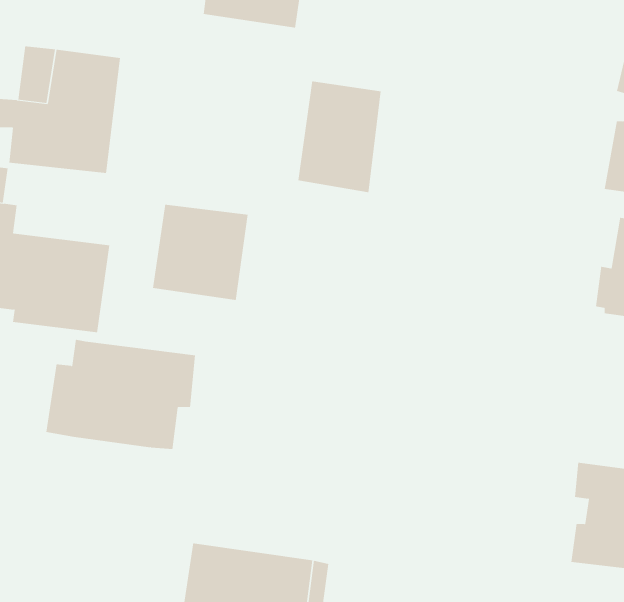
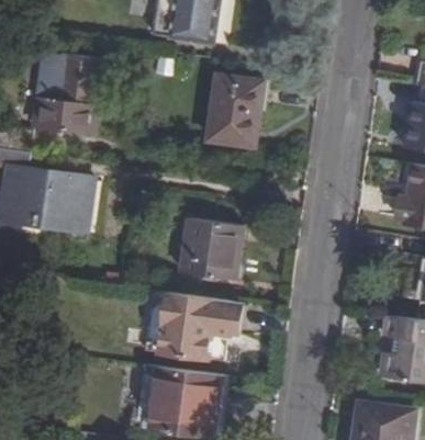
building: [152,204,249,300] -> [184,219,245,280]
building: [45,339,196,450] -> [144,293,238,362]

